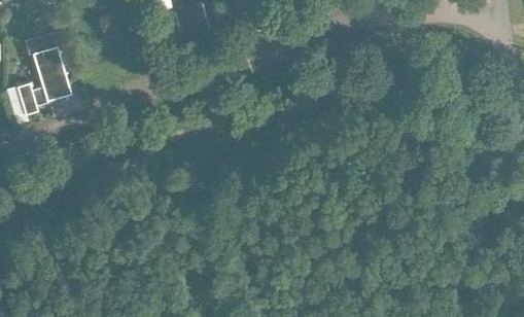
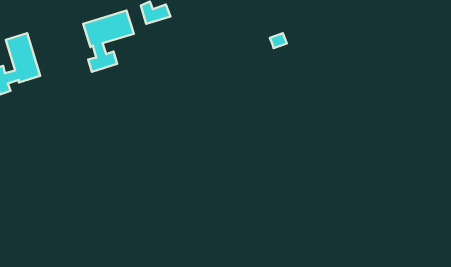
building: none -> [83,11,134,72]

